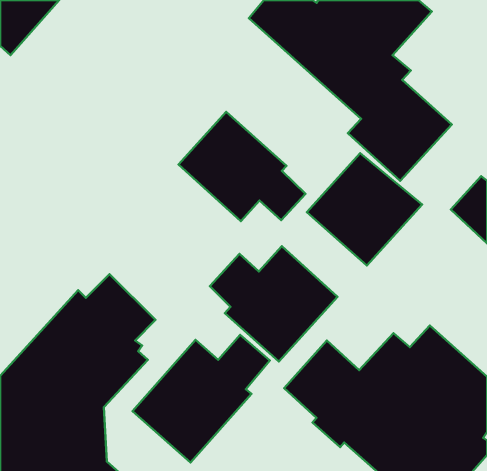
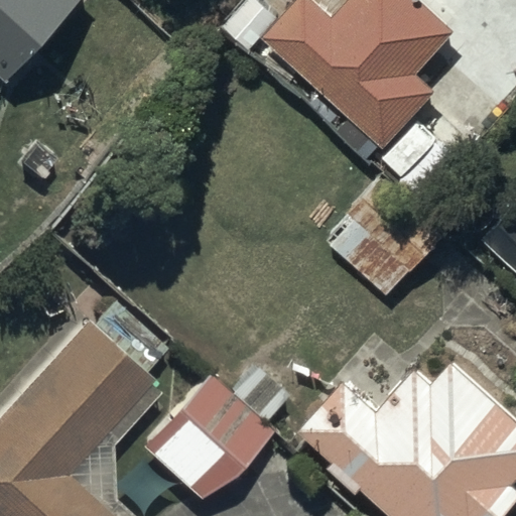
building: [178,112,306,221] -> none
building: [210,246,338,361] -> none

